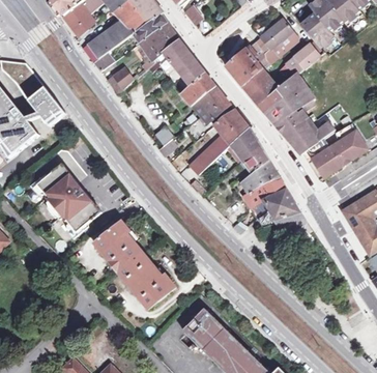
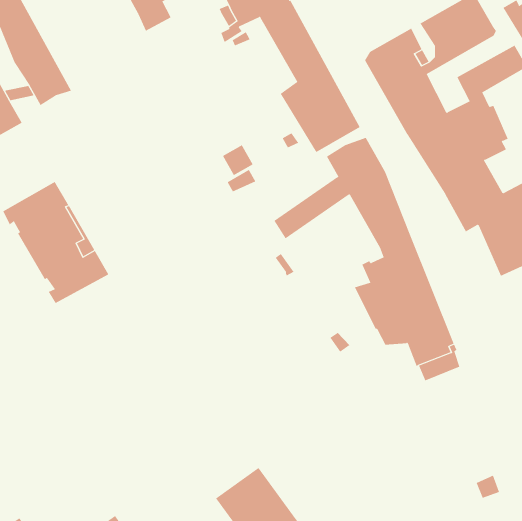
building: [107,66,138,93] -> none
building: [94,221,175,308] -> none

